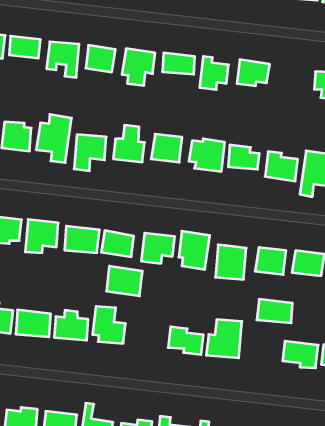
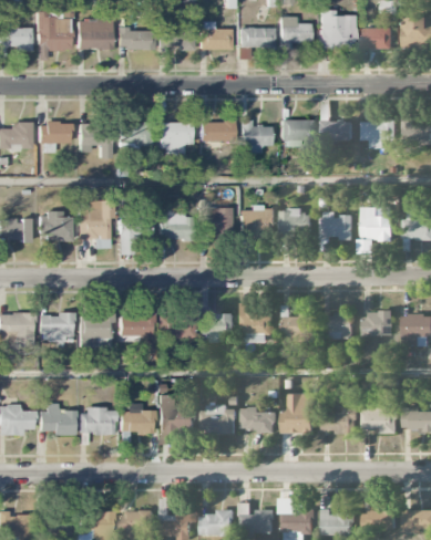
building: none -> [322,122,353,142]
building: [106,266,142,296] -> [202,407,237,435]
building: [257,299,292,323] -> [322,412,359,434]

